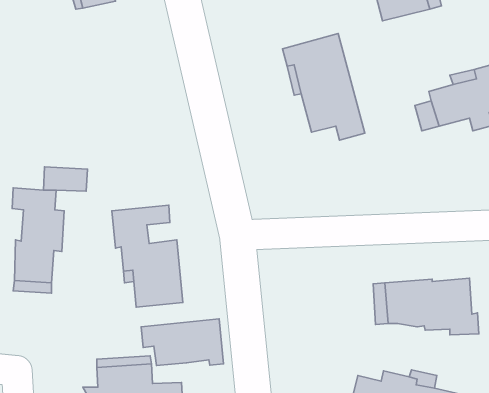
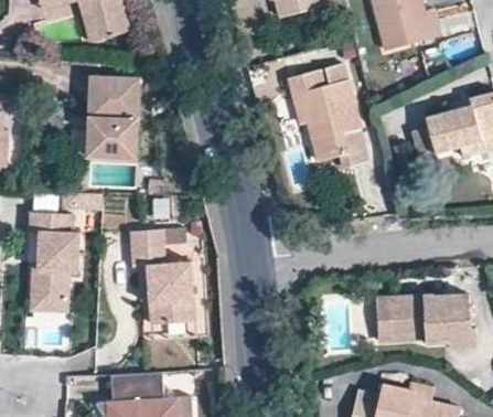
building: none -> [87,76,139,158]
building: [141,319,224,366] -> none

